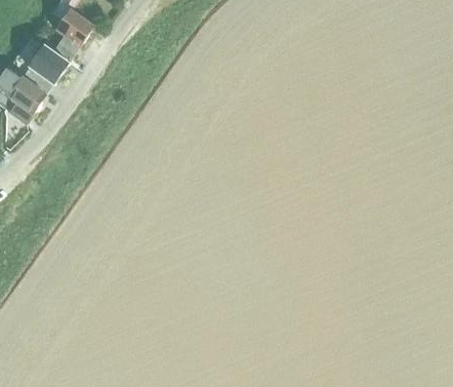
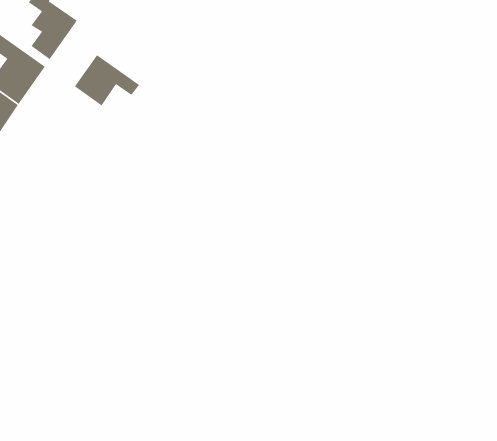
building: none -> [74,54,140,106]

